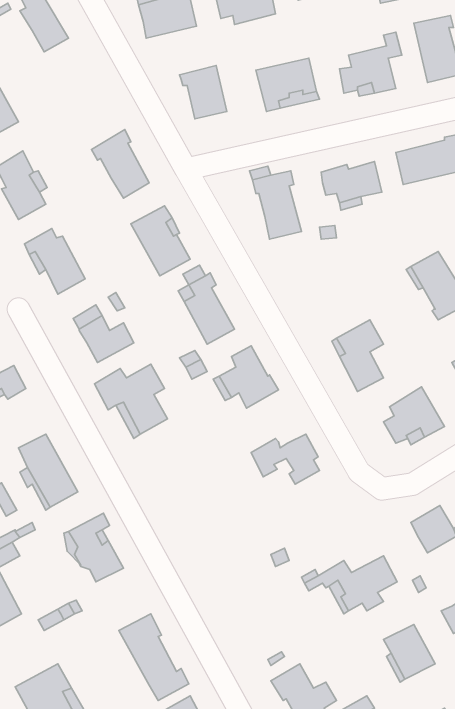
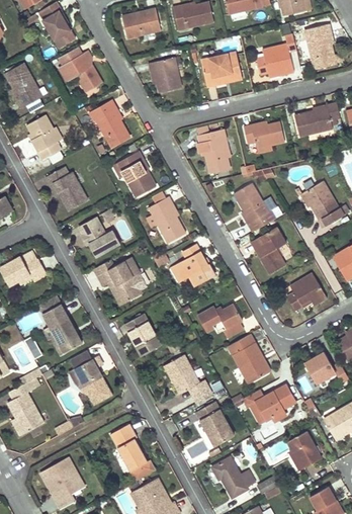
building: none -> [60,49,102,94]
building: none -> [233,183,275,233]
building: none -> [124,315,161,356]
building: none -> [227,333,267,383]
building: none -> [165,356,209,397]
building: none -> [195,401,234,446]

